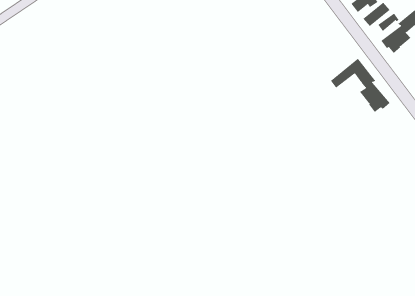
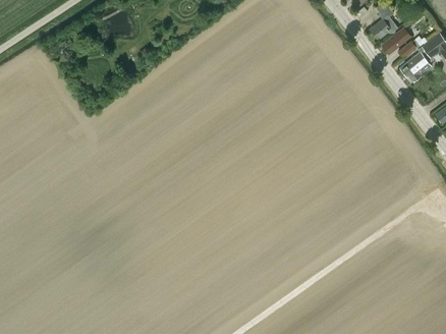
building: [330,58,390,113] -> none

